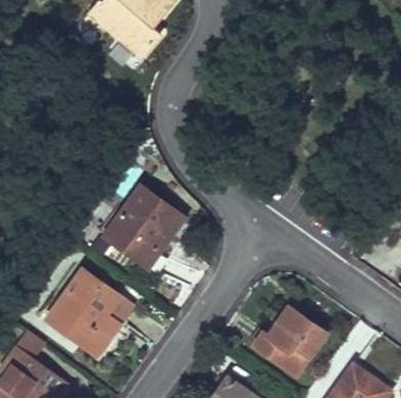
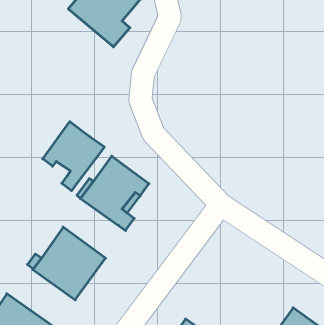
building: none -> [43,122,104,191]
building: [252,306,327,375] -> none

